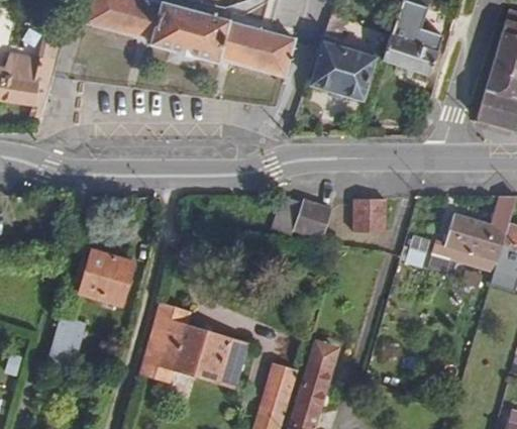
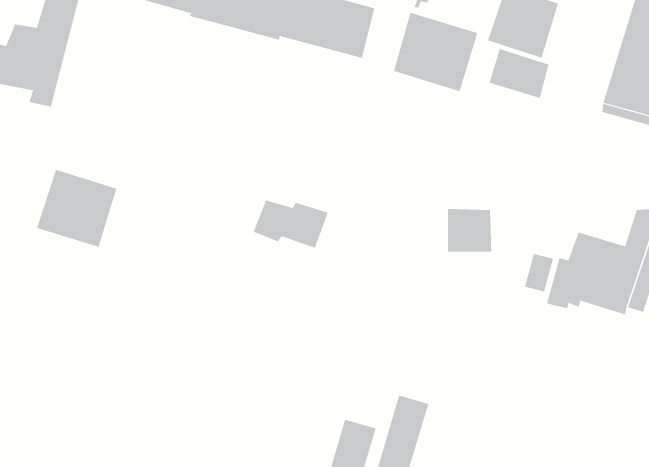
building: none -> [489,48,549,99]
building: [272,196,331,234] -> [253,200,328,248]
building: [74,247,137,309] -> [36,169,117,247]
building: [143,310,245,390] -> none
building: [50,324,78,365] -> none

